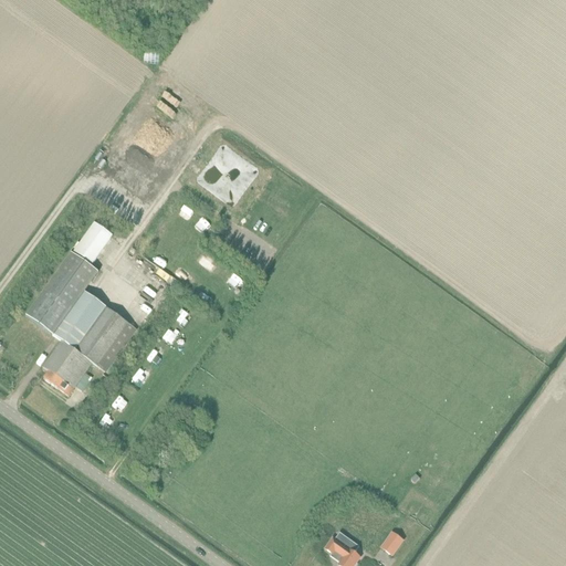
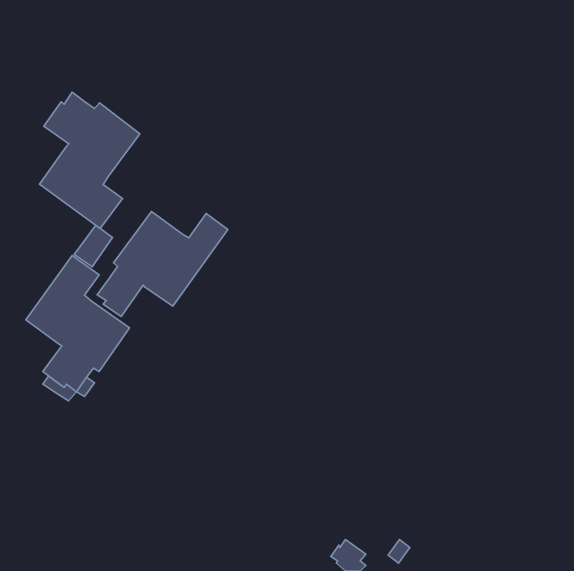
building: none -> [39,92,140,229]
building: none -> [97,211,228,317]

